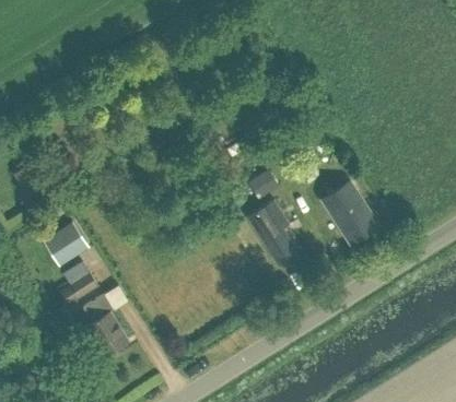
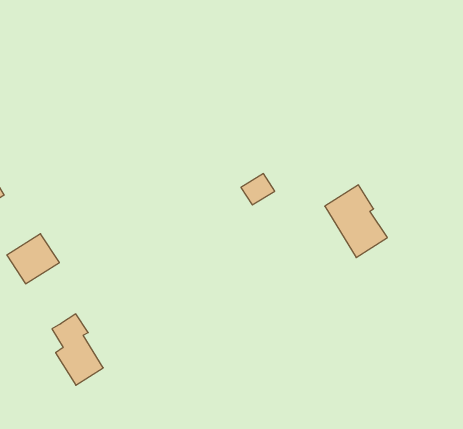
building: [247,200,299,265] -> none
building: [58,260,97,305] -> none

